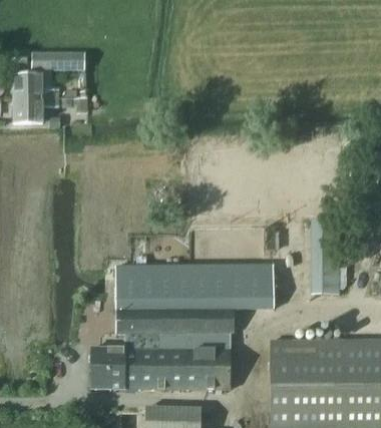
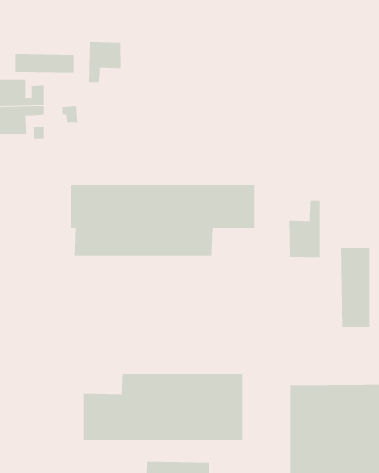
building: none -> [89,41,121,83]
building: none -> [289,200,320,258]
building: [110,268,271,330] -> [70,185,255,256]

